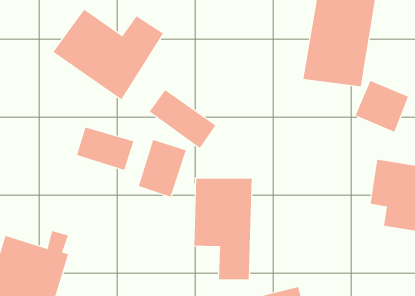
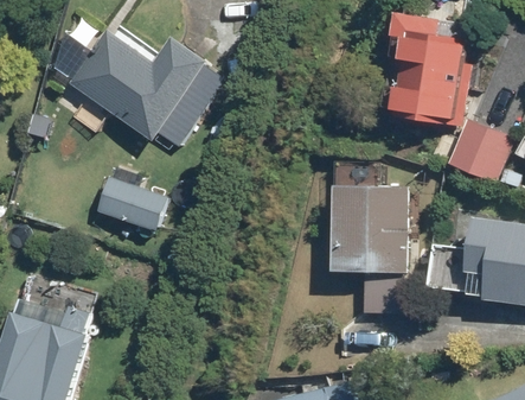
building: [149,89,216,149] -> none
building: [138,139,187,197] -> none
building: [194,178,252,280] -> [331,186,404,313]

